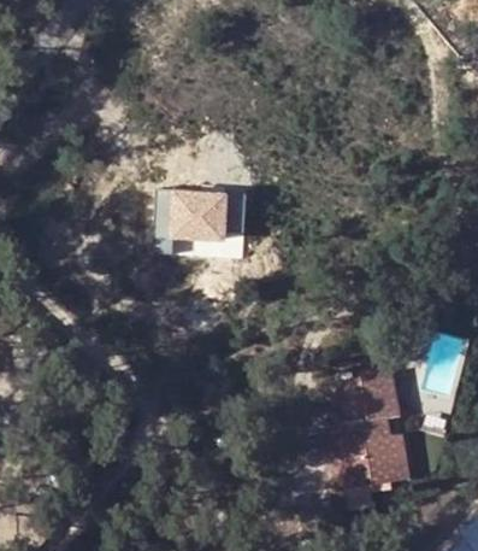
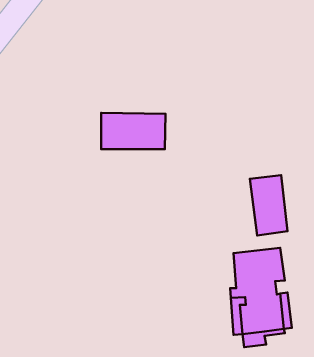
building: none -> [250,175,287,236]

